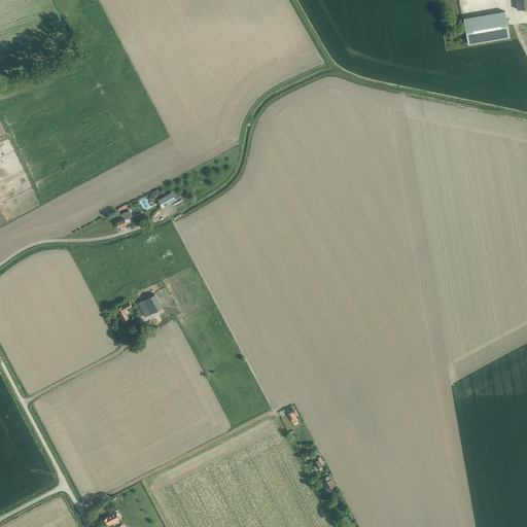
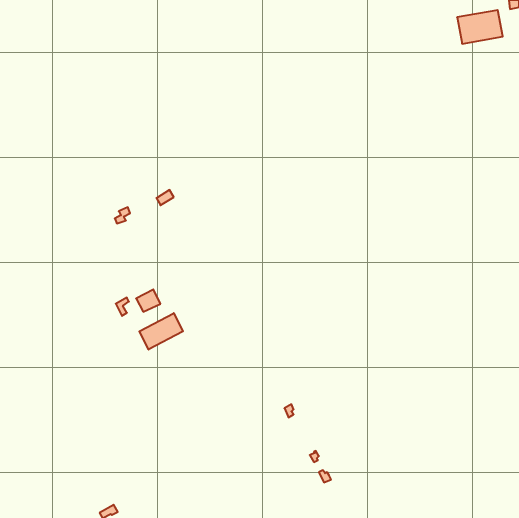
building: none -> [139,313,183,350]

